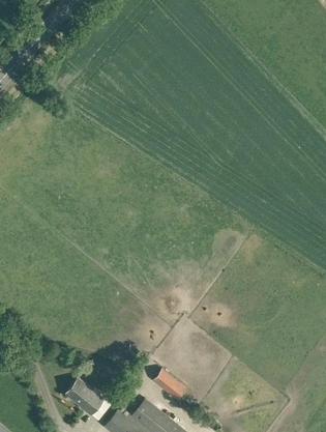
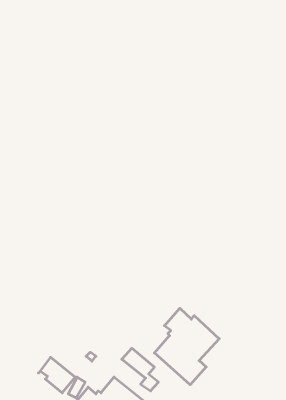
building: none -> [154,308,219,385]

